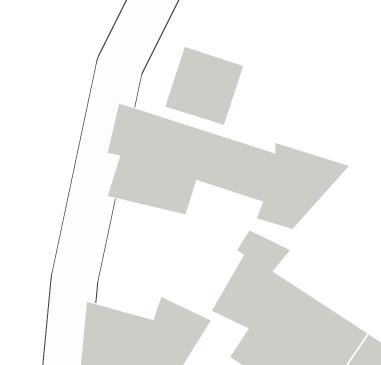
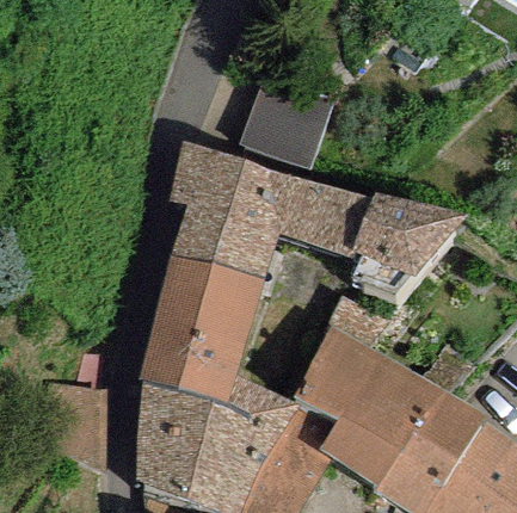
building: none -> [139,255,267,406]

